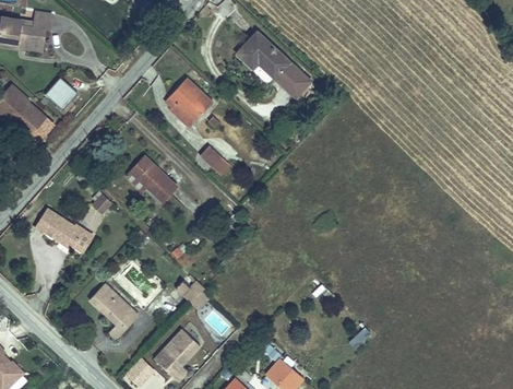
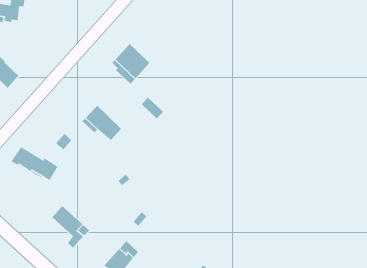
building: [235,28,313,99] -> none
building: [45,76,79,109] -> none

